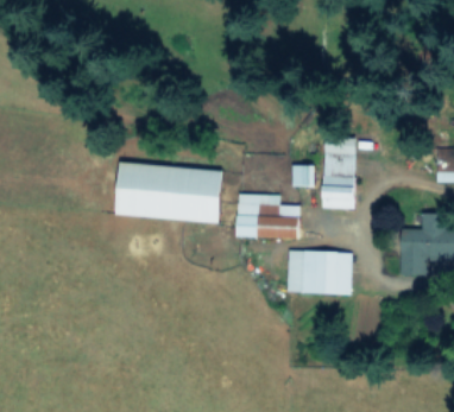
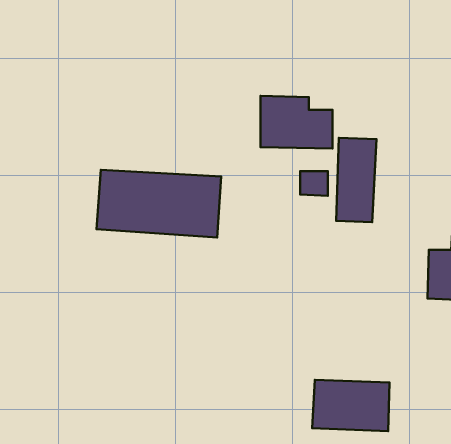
building: [237,194,298,239] -> [261,96,333,148]
building: [285,251,352,294] -> [312,380,390,431]

